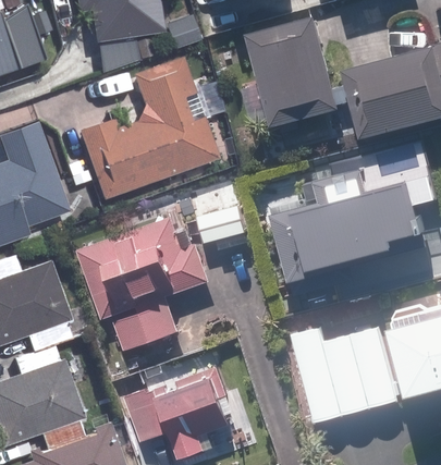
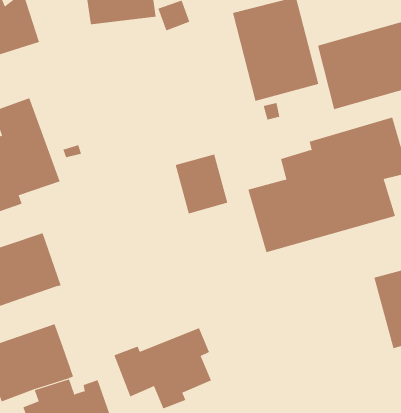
building: [78,56,218,198] -> none
building: [78,217,210,348] -> none
building: [292,326,395,420] -> none

